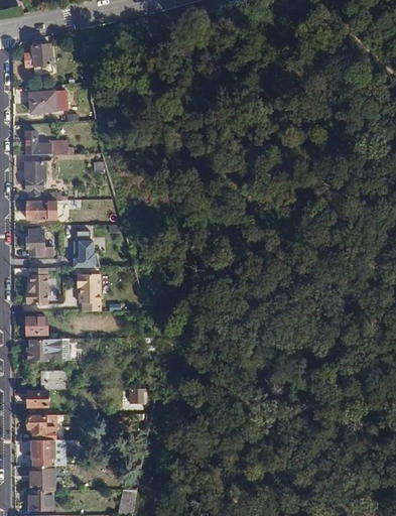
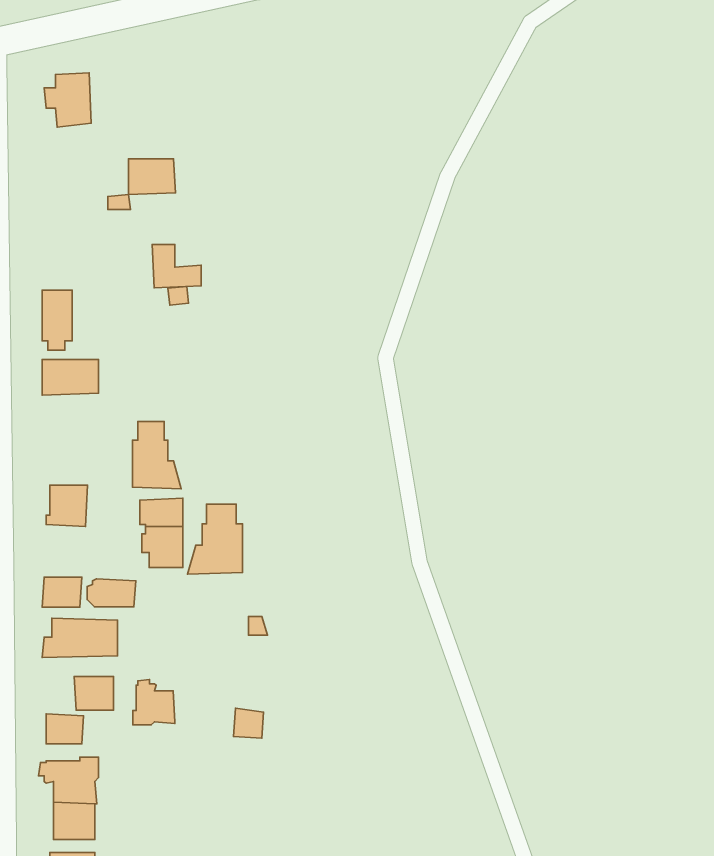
building: [30,94,55,113] -> [129,159,175,195]
building: [25,133,51,156] -> [152,245,201,288]
building: [26,231,44,256] -> none
building: none -> [187,504,242,574]
building: [23,289,49,304] -> [87,579,136,607]
building: none -> [133,679,175,725]

